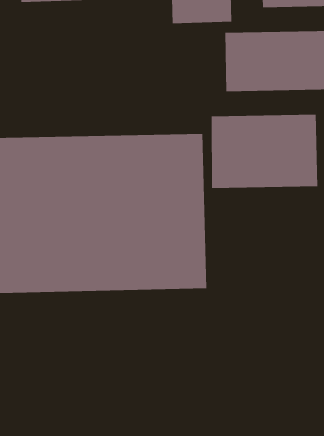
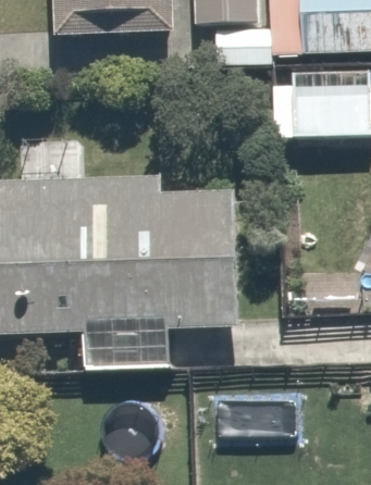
building: [211,114,318,189] -> none

